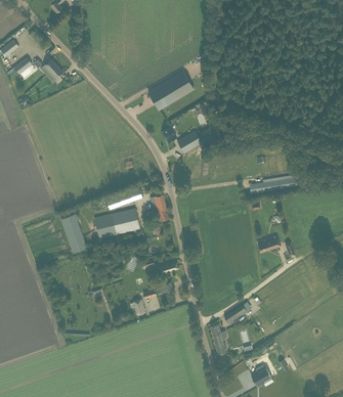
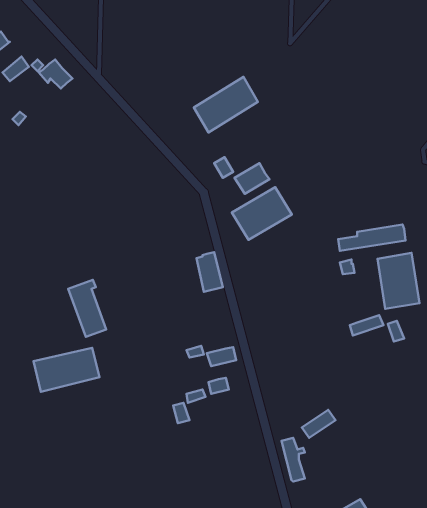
building: none -> [232,187,292,240]
building: none -> [377,253,419,309]
building: [93,209,139,239] -> [34,348,99,392]

